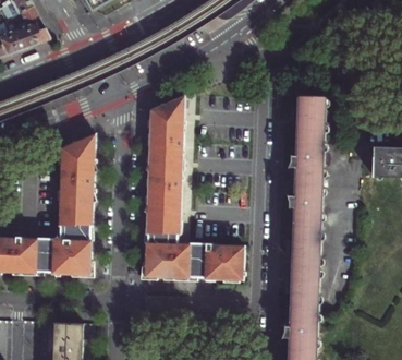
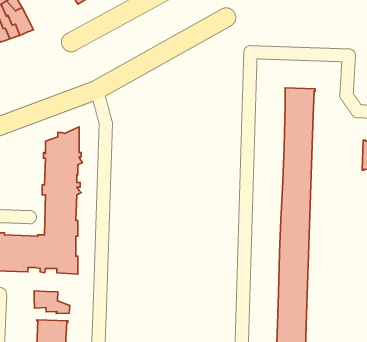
building: [141,95,246,280] -> none
building: none -> [34,291,70,313]

